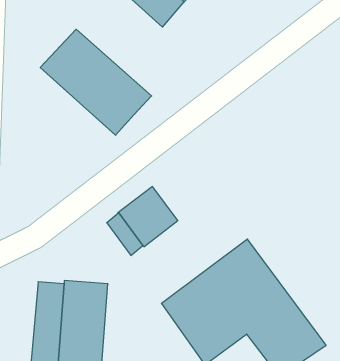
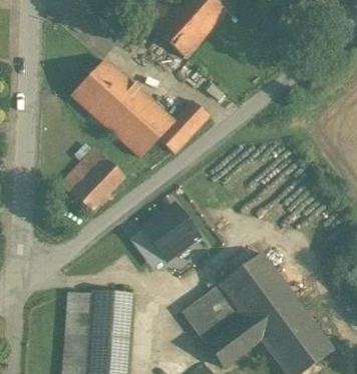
building: none -> [157,99,209,152]
building: none -> [60,147,124,211]

